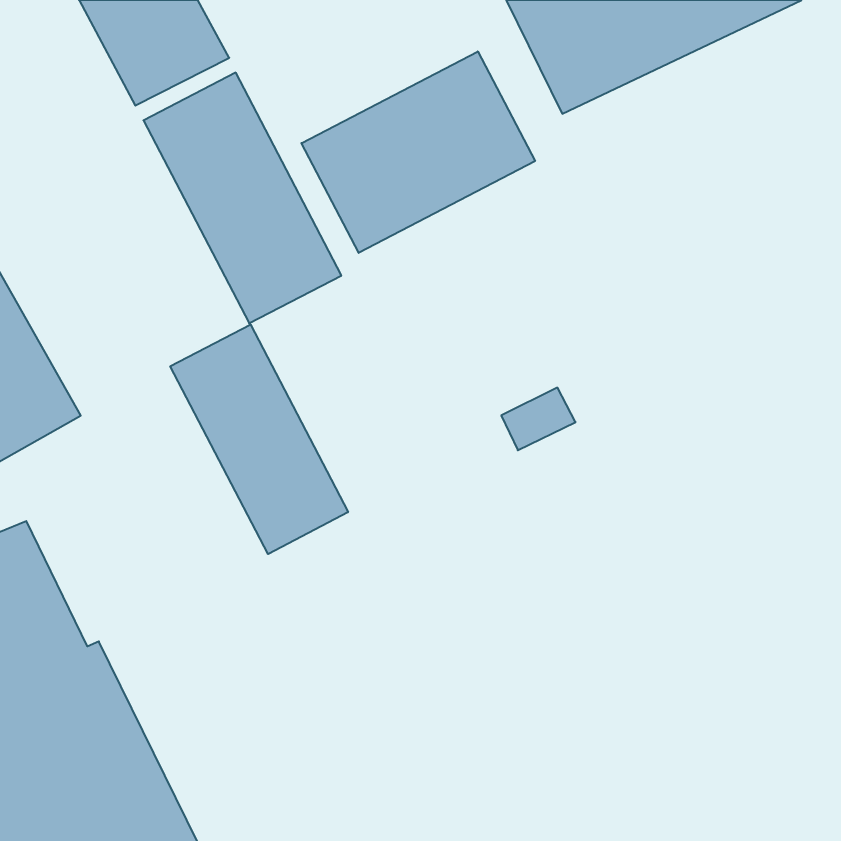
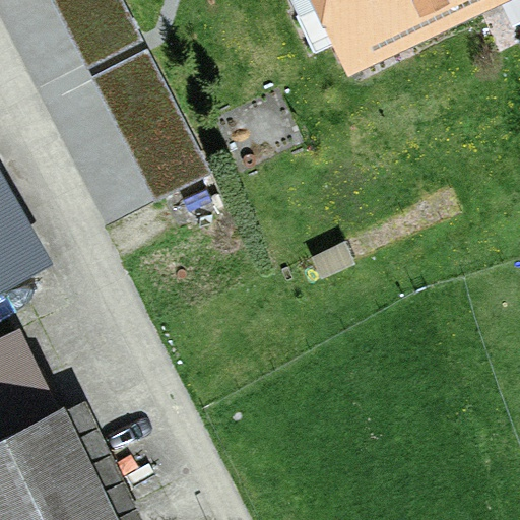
building: [301,51,535,253] -> none
building: [170,324,348,554] -> none

